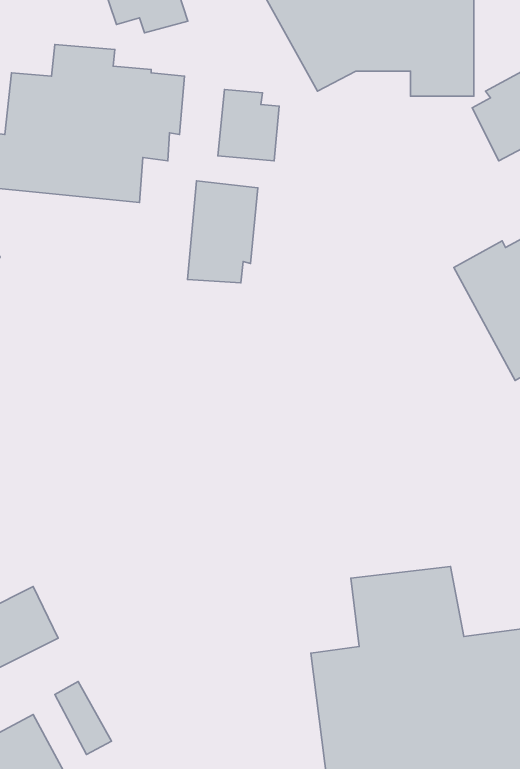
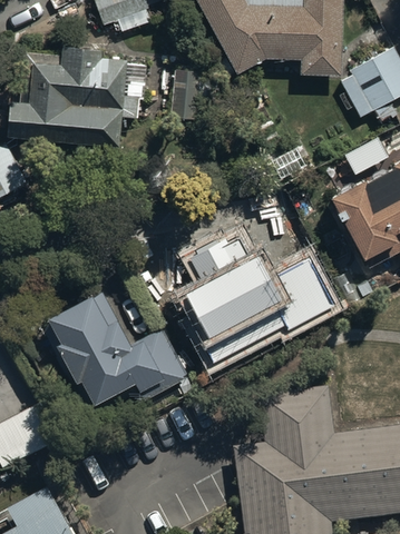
building: [187,181,258,283] -> none
building: none -> [186,233,332,352]
building: none -> [48,289,186,416]

